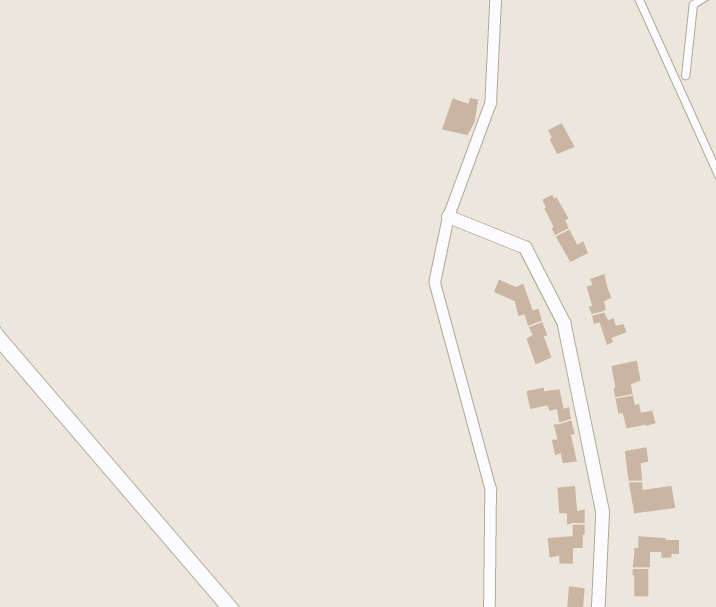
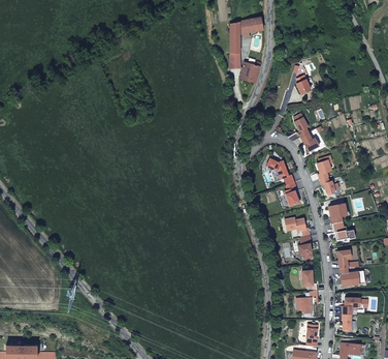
building: none -> [230,18,263,68]

